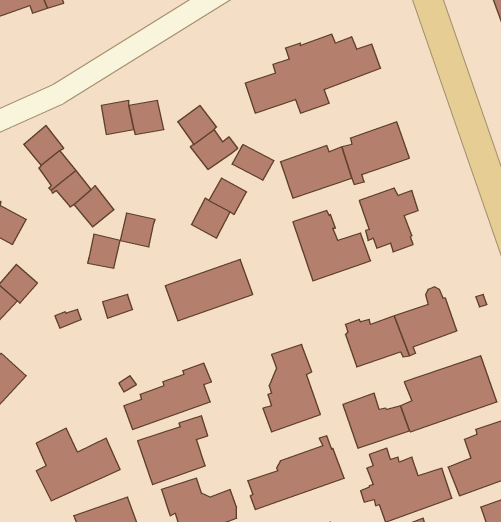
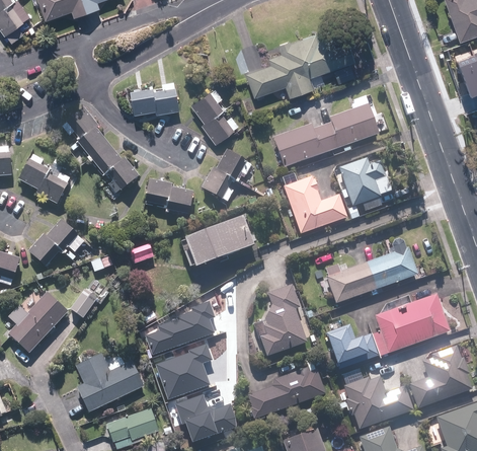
building: [232,145,274,180] -> none
building: [88,234,120,268] -> [166,186,192,214]
building: none -> [70,289,96,317]

